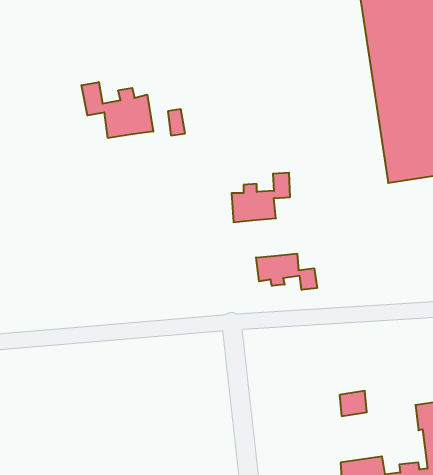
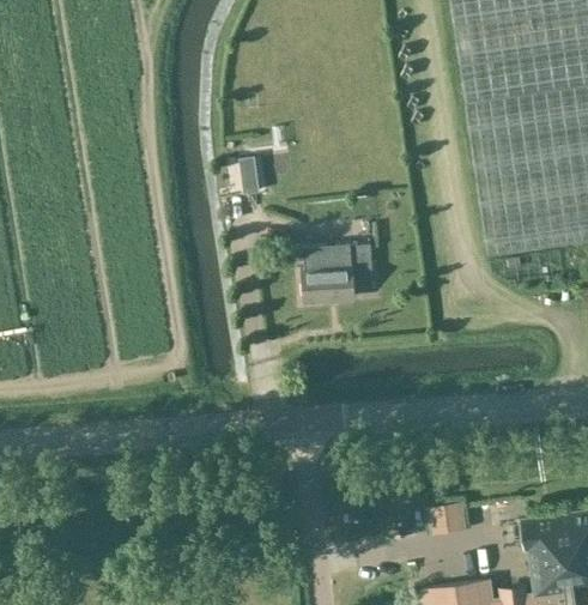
building: [82,82,153,138] -> none
building: [256,254,317,290] -> none

